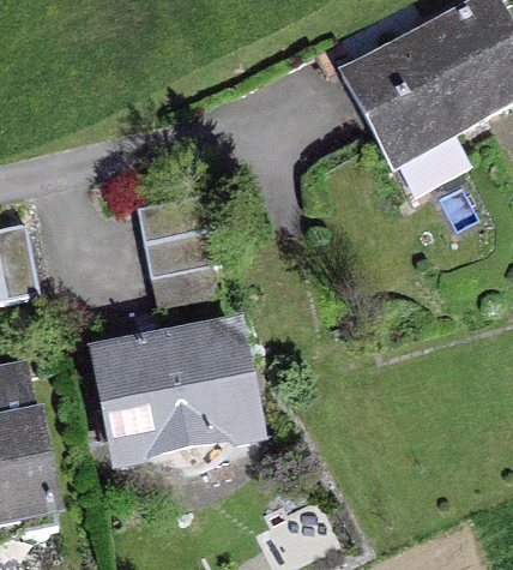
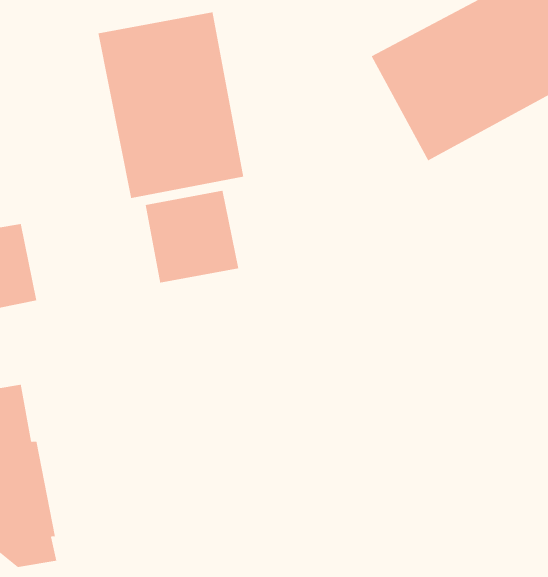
building: none -> [98,12,244,199]
building: [98,325,254,461] -> none

